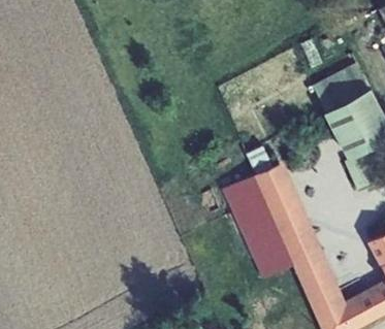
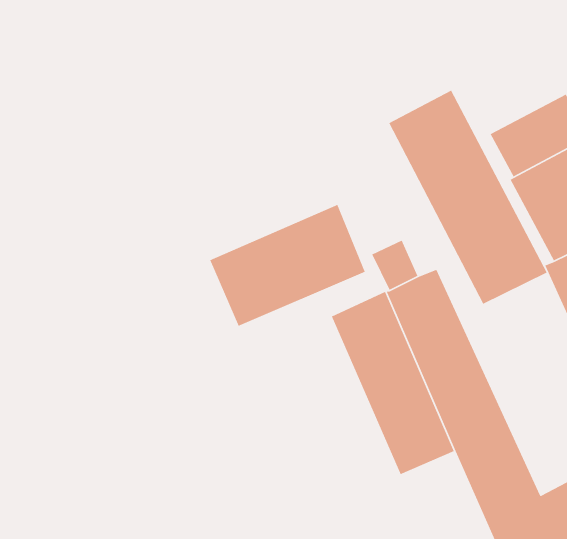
building: none -> [388,90,548,305]
building: none -> [209,204,366,327]

